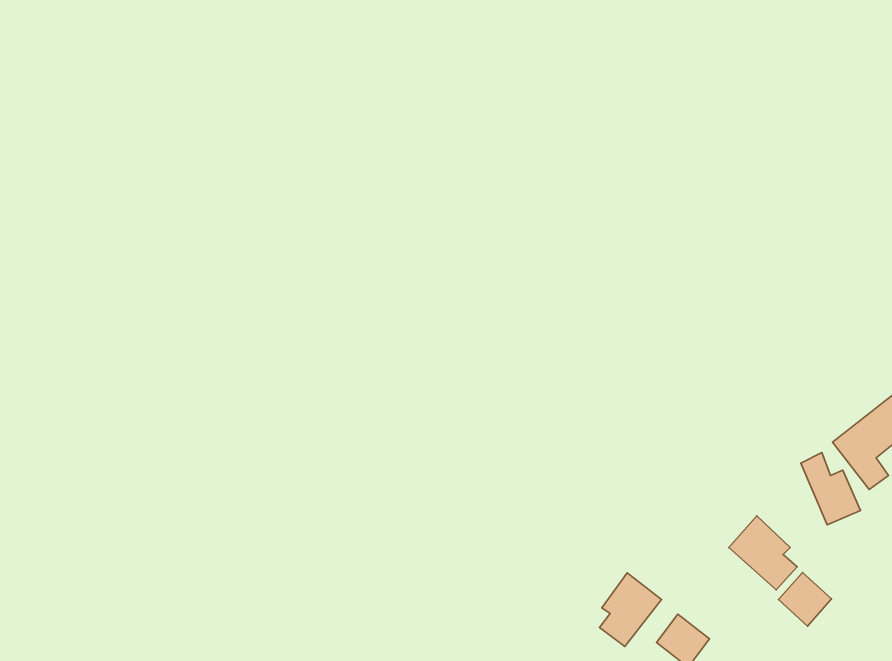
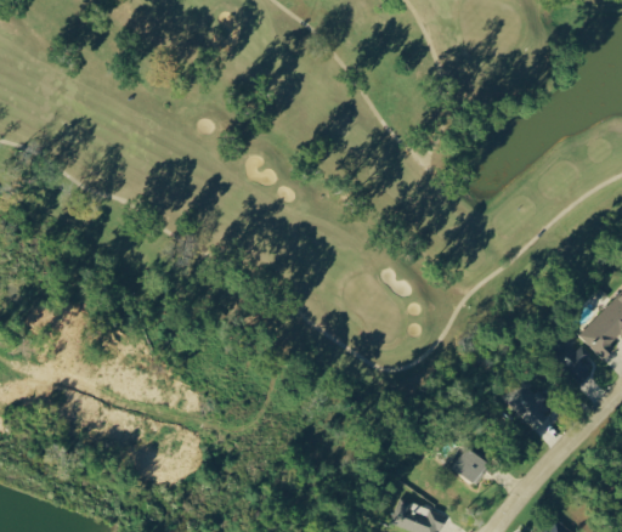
building: [778,572,832,626] -> none
building: [599,573,662,647] -> none

